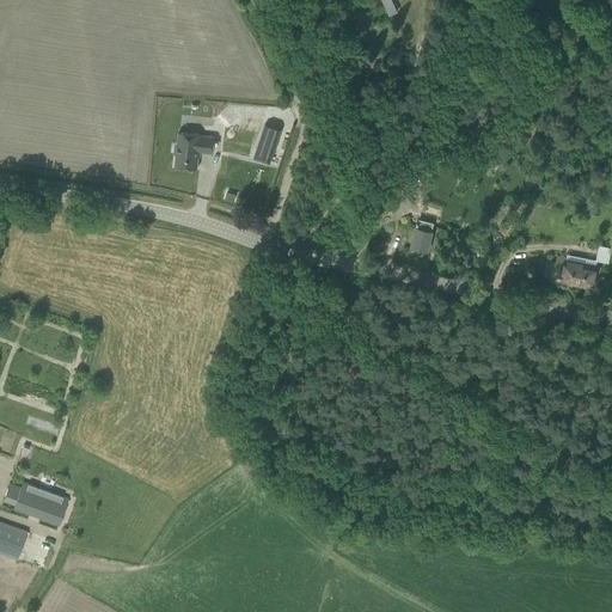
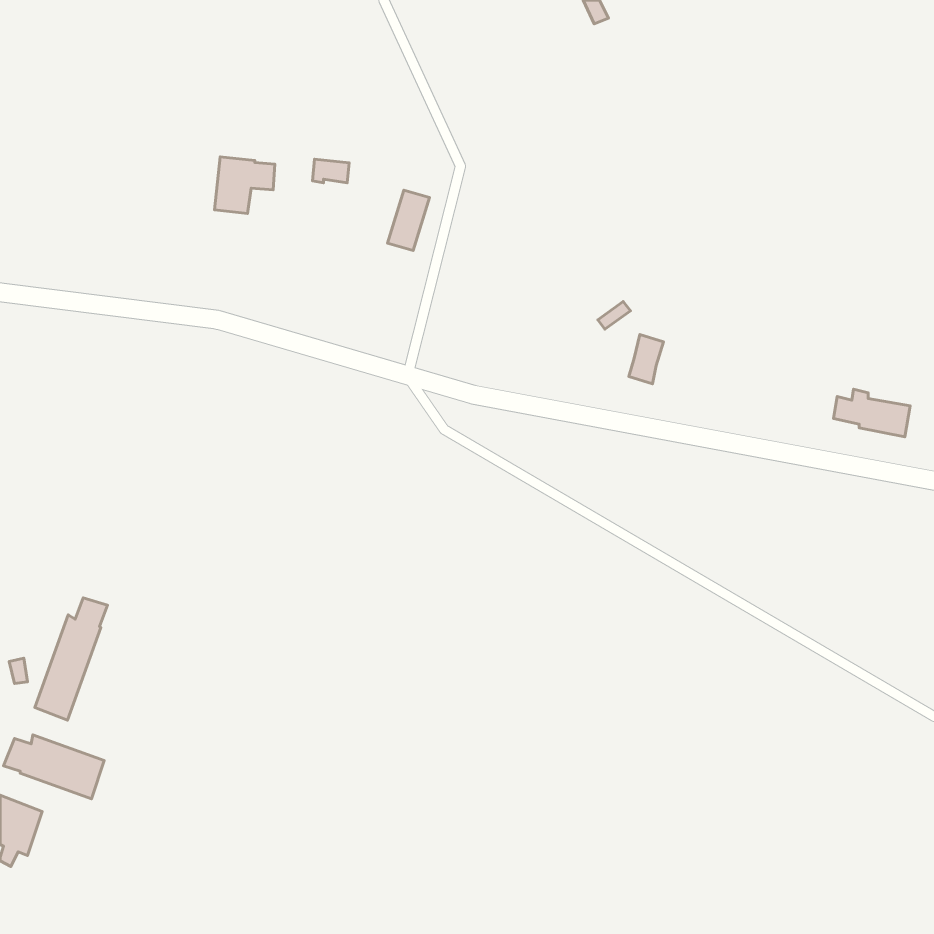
building: [175,131,214,169] -> [215,157,275,214]
building: none -> [35,598,107,720]

